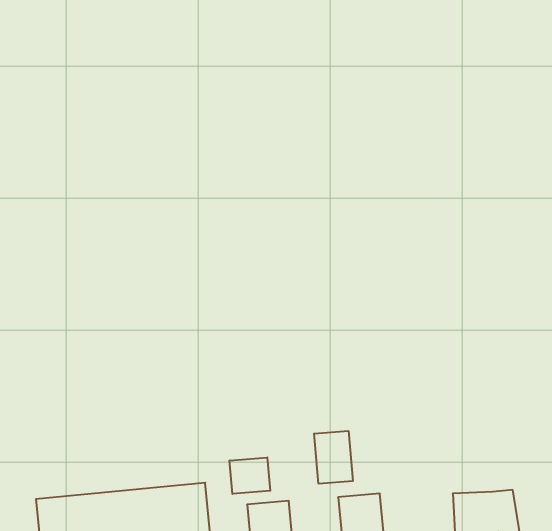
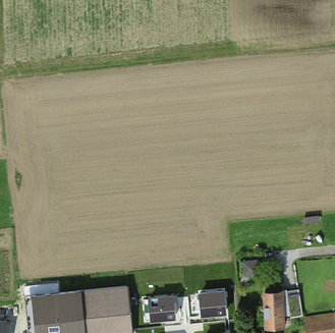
building: [314,431,353,484] -> none
building: [230,457,270,494] -> none

